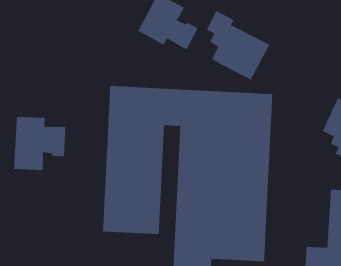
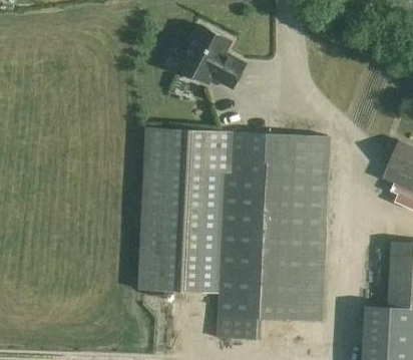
building: [206,10,270,80] -> none
building: [14,116,66,171] -> none

